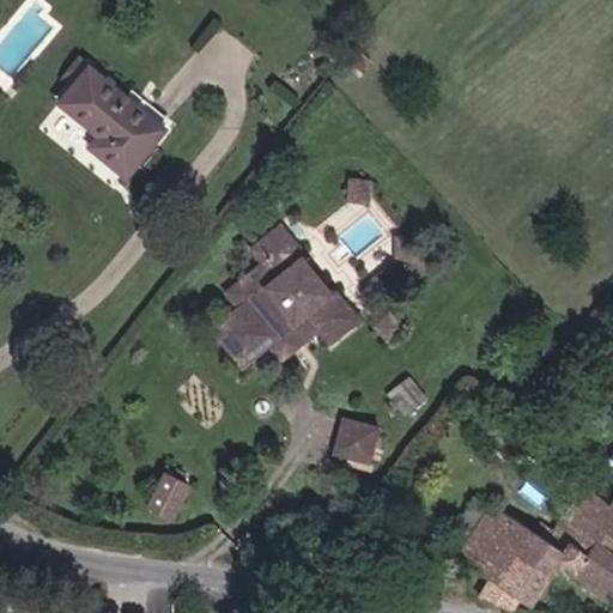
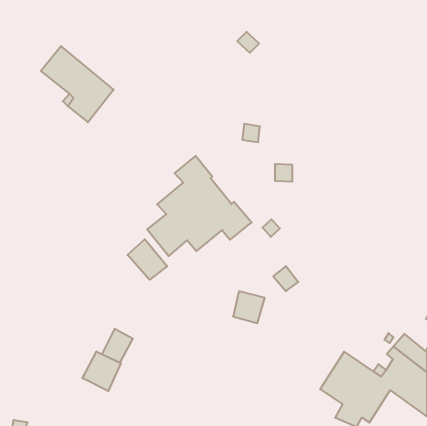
building: none -> [127,239,167,280]
building: none -> [82,351,121,391]

